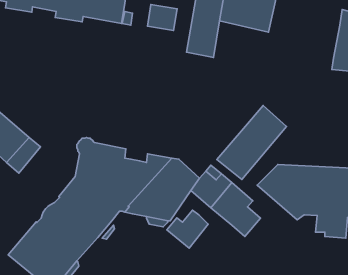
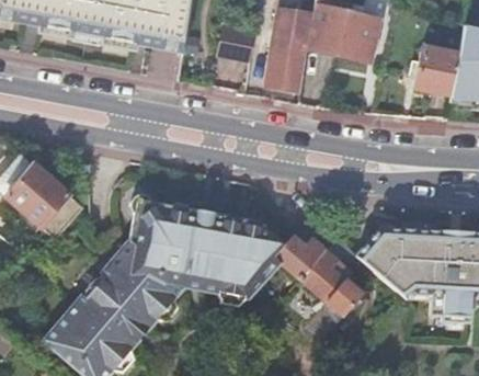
building: none -> [417,46,460,94]
building: [217,105,286,180] -> none
building: [167,210,208,248] -> none

